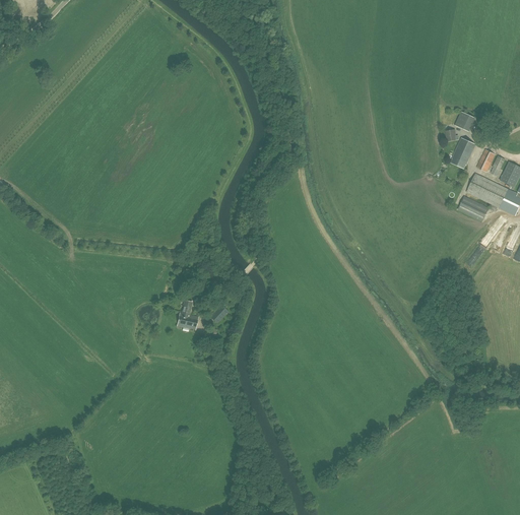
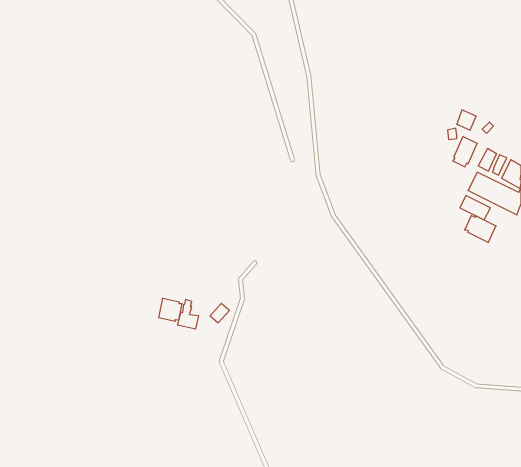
building: none -> [465,215,496,243]
building: none -> [159,298,182,321]

